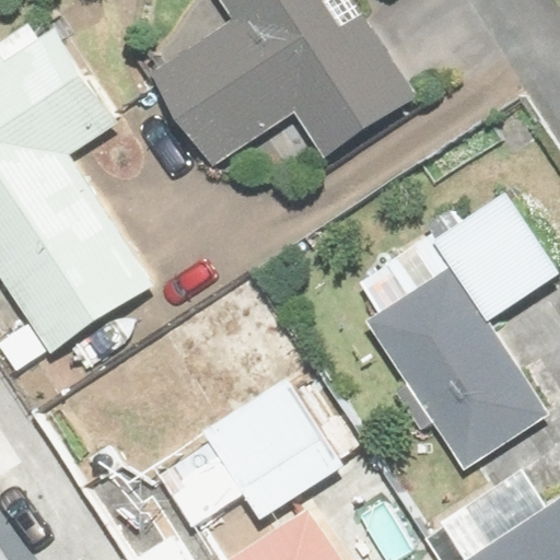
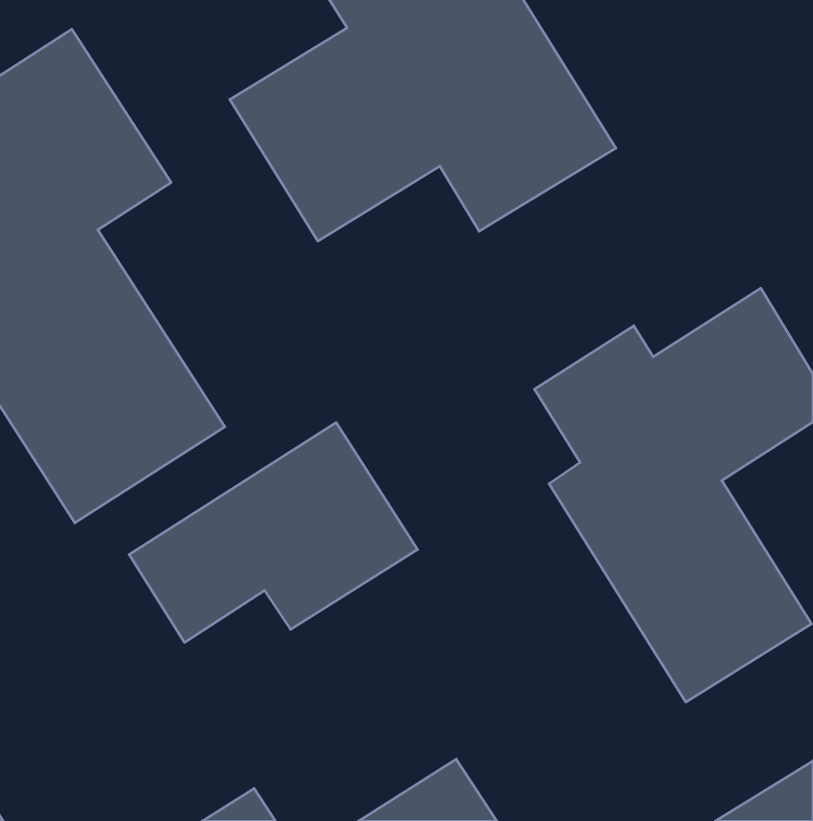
building: [153,377,347,525] -> [129,423,418,642]

